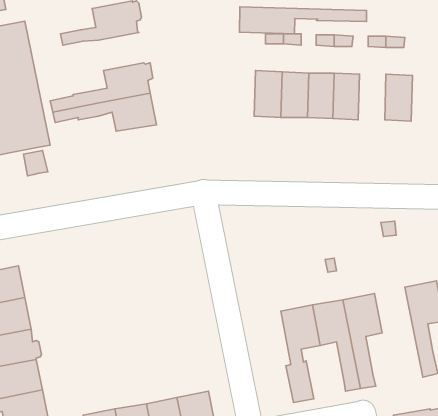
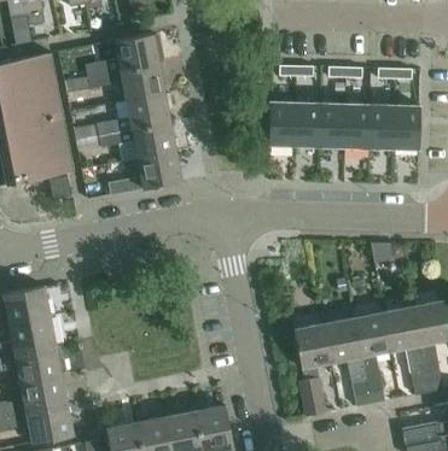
building: [239,7,367,34] -> none
building: none -> [65,64,164,100]
building: none -> [368,104,395,147]
building: none -> [109,152,182,194]
building: none -> [384,306,430,394]

